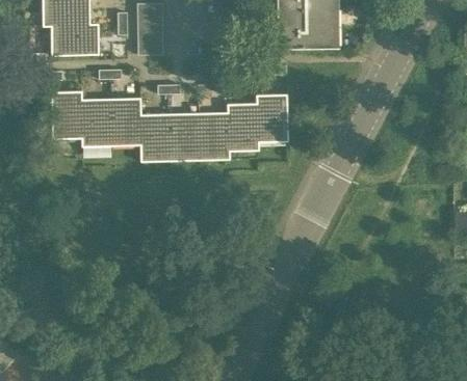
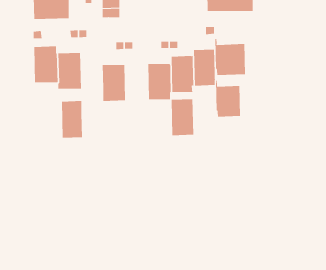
building: none -> [215,38,246,76]
building: [113,98,141,146] -> [61,101,83,138]
building: [171,113,201,161] -> [171,99,194,136]
building: none -> [216,80,241,118]

